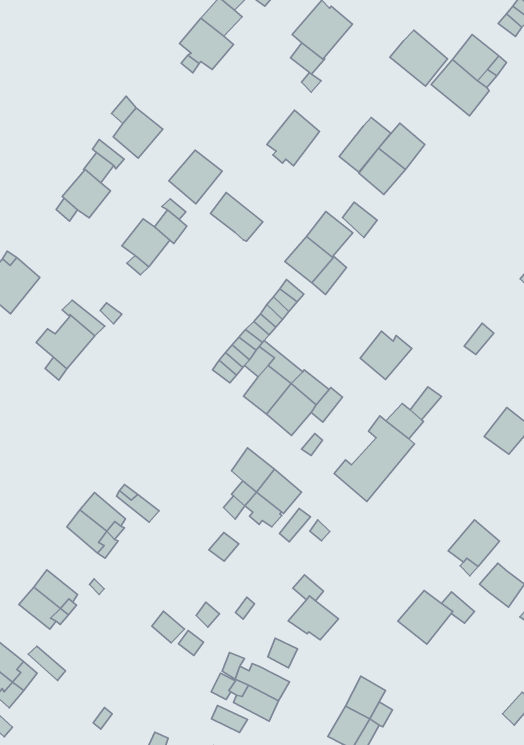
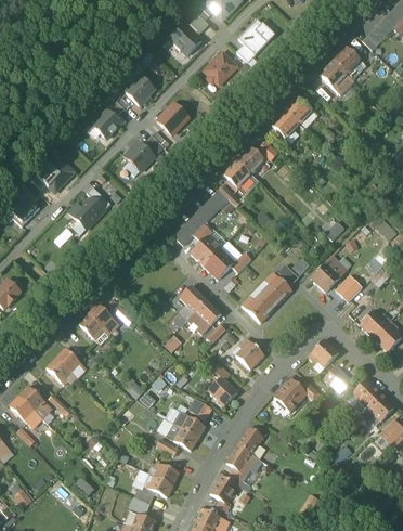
building: [390,30,447,86] -> none
building: [267,110,320,166] -> [205,51,237,85]
building: [339,117,391,172] -> none
building: [210,192,263,241] -> none
building: [360,331,412,379] -> [312,262,343,292]
building: none -> [236,337,265,368]

